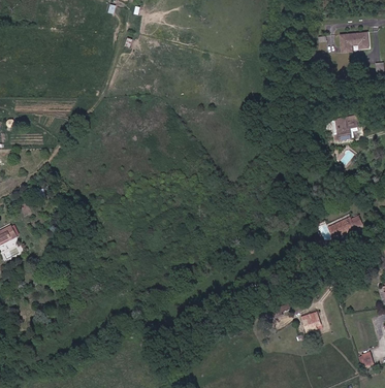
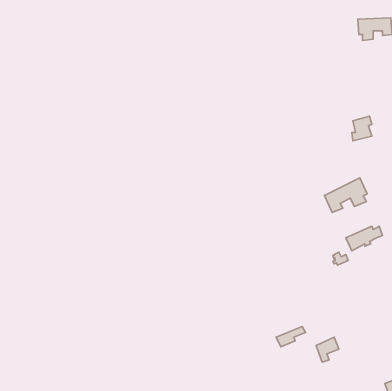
building: none -> [324,178,367,212]

